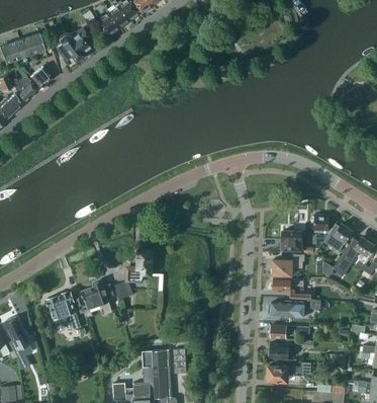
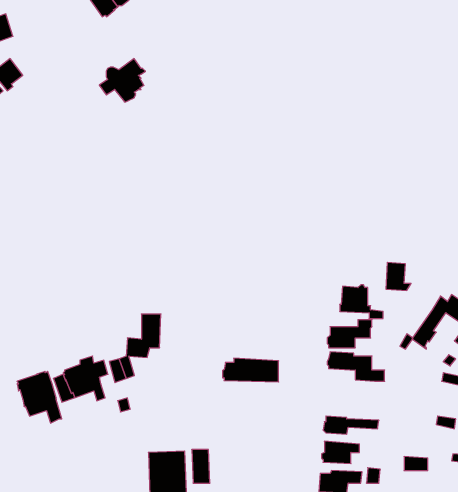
building: [57,29,90,61] -> [99,59,145,102]
building: [325,224,353,249] -> none
building: [271,300,311,317] -> [223,358,279,382]

